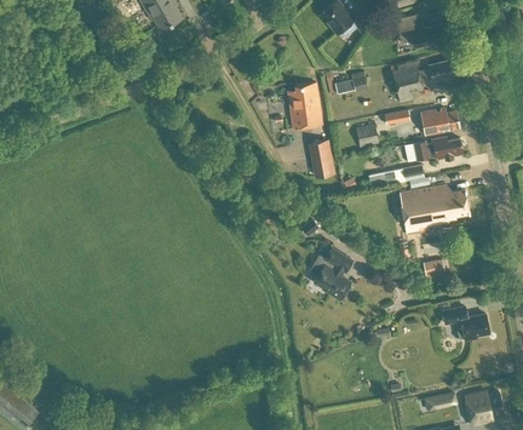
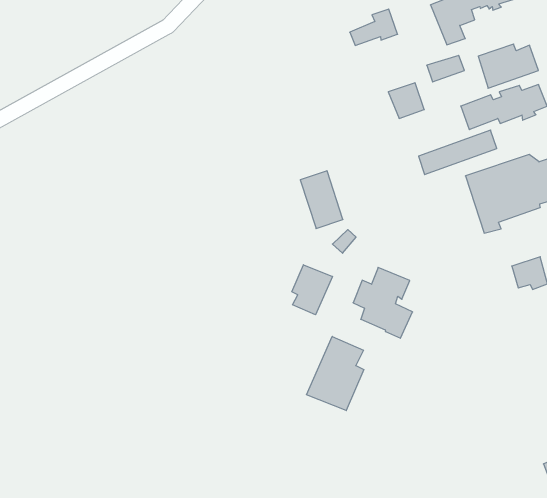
building: [287,82,322,127] -> none
building: [309,138,334,177] -> [300,171,343,229]
building: none -> [292,265,332,315]
building: none -> [306,336,364,411]

